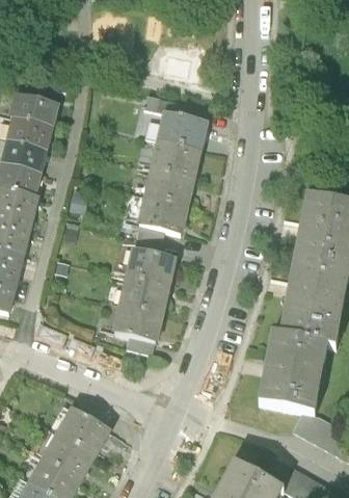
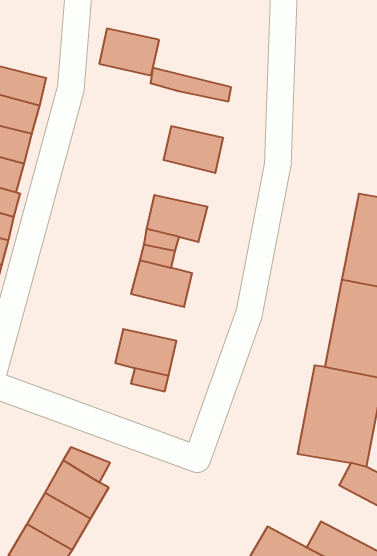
building: [157,114,205,152] -> [99,29,159,75]
building: [143,169,192,207] -> none
building: [118,277,167,314] -> none

